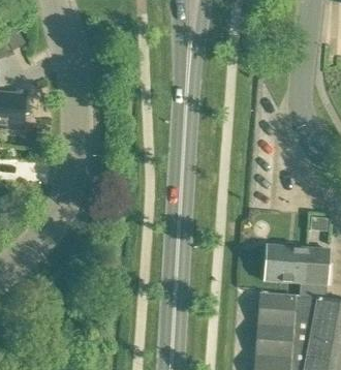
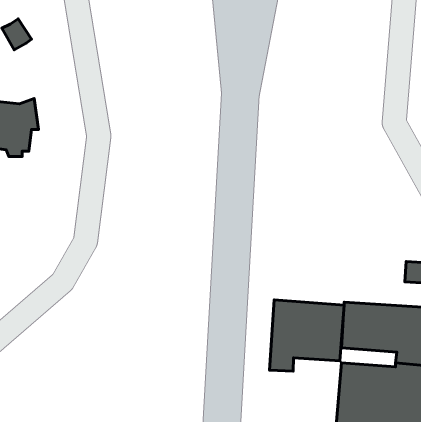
building: none -> [269,300,344,371]

